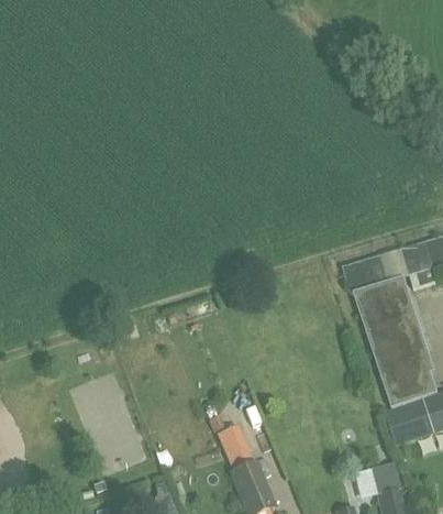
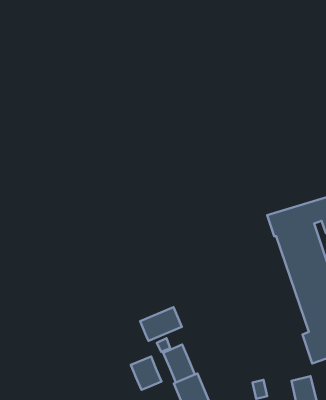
building: none -> [140,307,182,341]
building: none -> [131,356,162,390]

